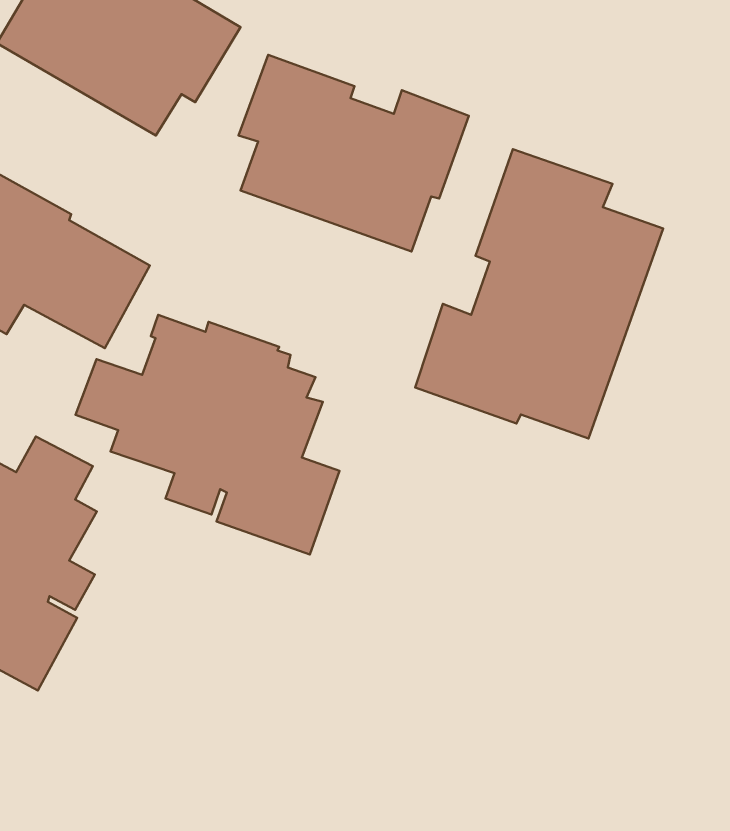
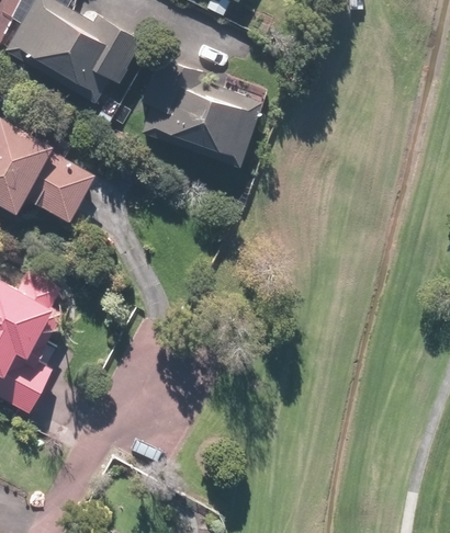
building: [415,149,663,439] -> none
building: [75,315,340,554] -> none

